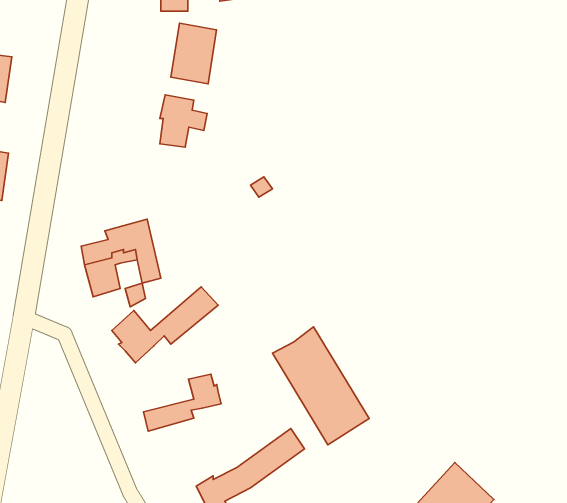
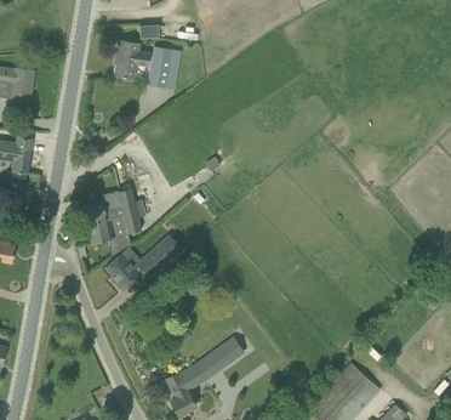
building: [160,95,207,147] -> [115,40,149,78]
building: [272,327,369,445] -> none
building: [144,374,221,431] -> none

